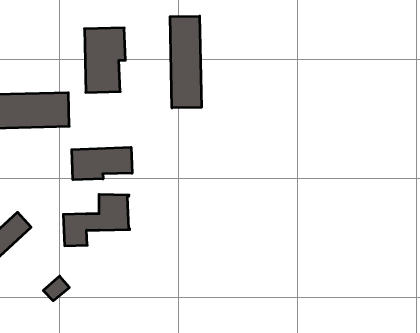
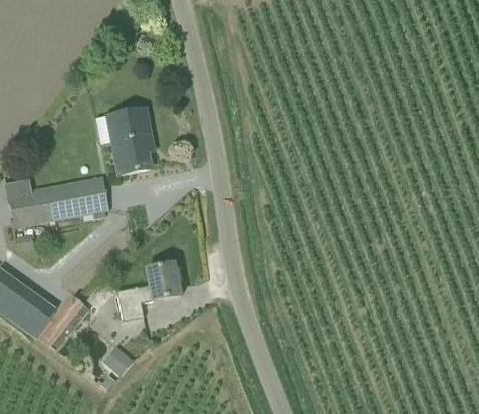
building: [170,16,201,108] -> none
building: [72,147,132,180] -> none

